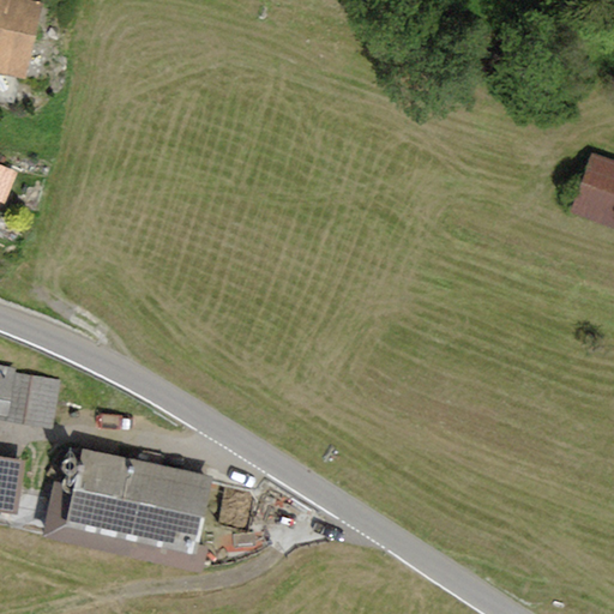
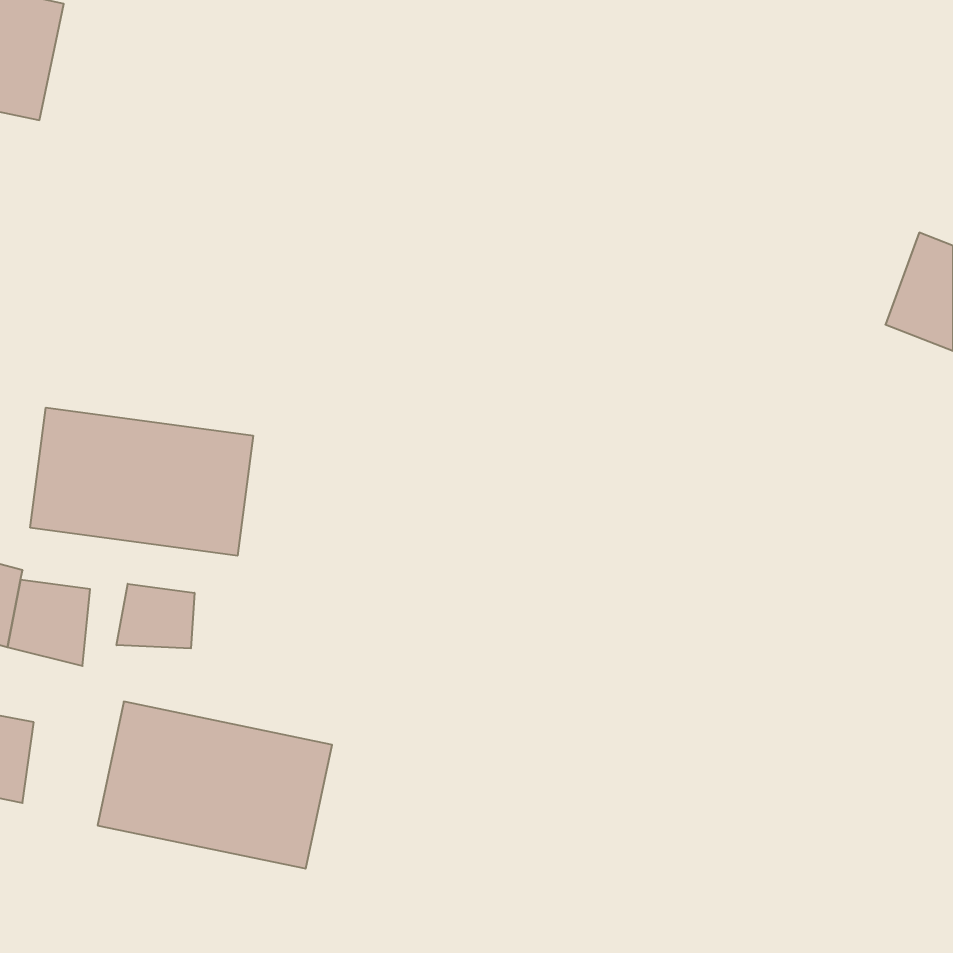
building: none -> [30,408,253,556]
building: none -> [117,584,194,648]

